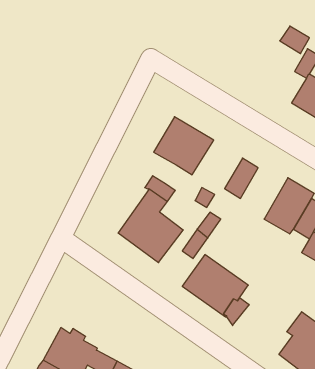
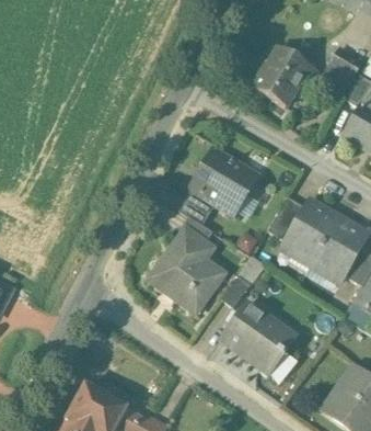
building: none -> [252,46,316,104]
building: none -> [177,188,213,223]
building: none -> [281,200,337,262]

